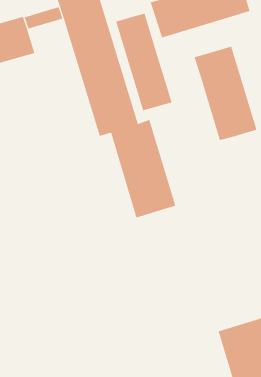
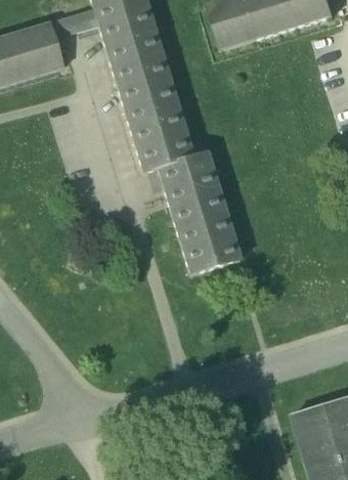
building: [115,13,172,111] -> none
building: [194,46,257,141] -> none

